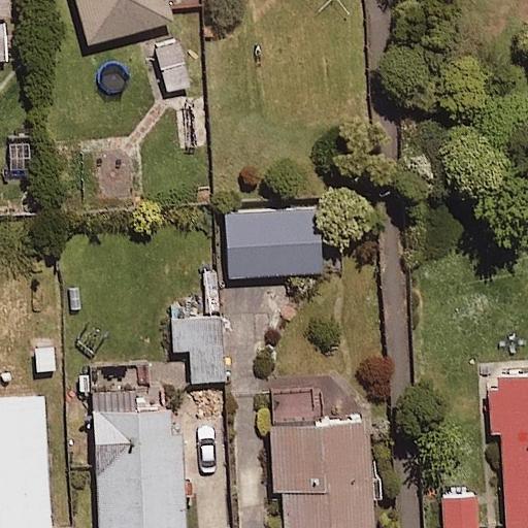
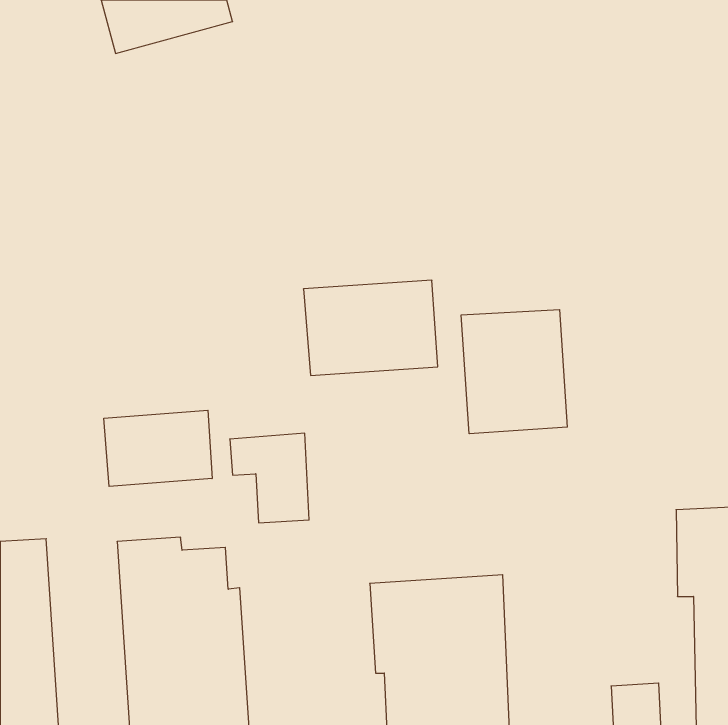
building: none -> [461,310,567,434]
building: none -> [104,410,212,486]

